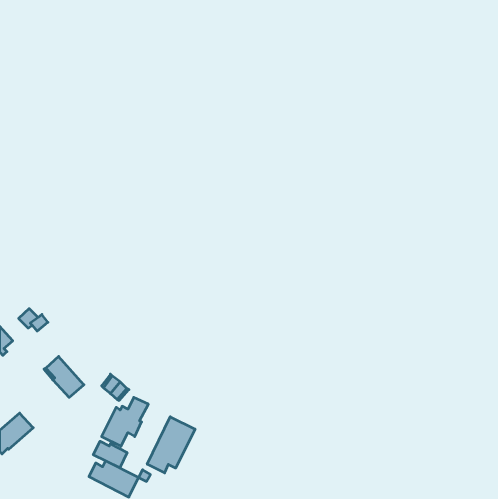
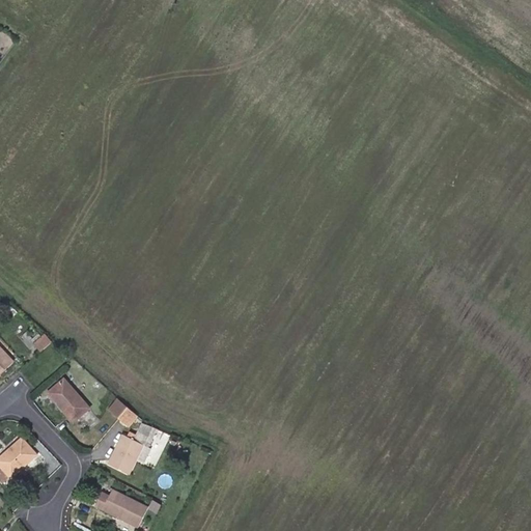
building: [147,417,195,473] -> none
building: [93,441,127,468] -> none

